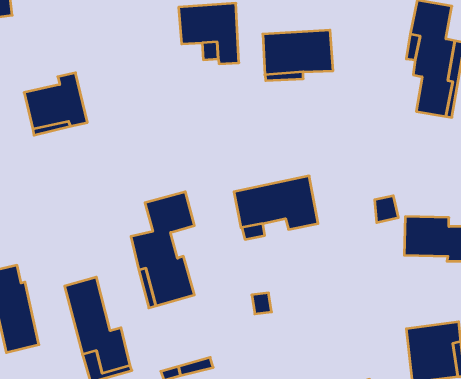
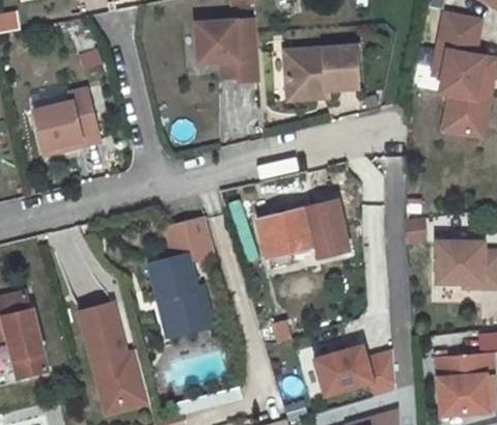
building: none -> [314,345,394,396]

